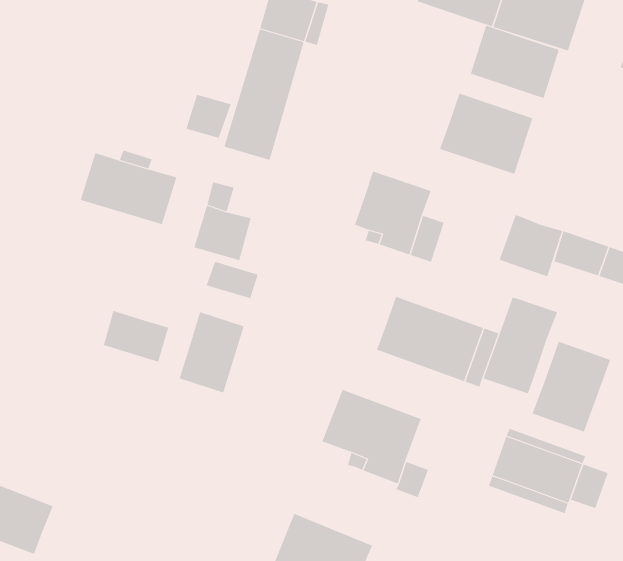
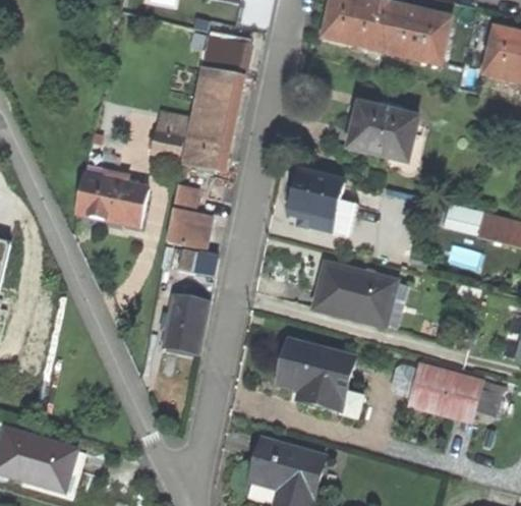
building: [470,25,559,99] -> none
building: [499,214,563,277] -> none
building: [483,296,558,394] -> none
building: [103,310,169,363] -> none
building: [532,341,611,432] -> none

